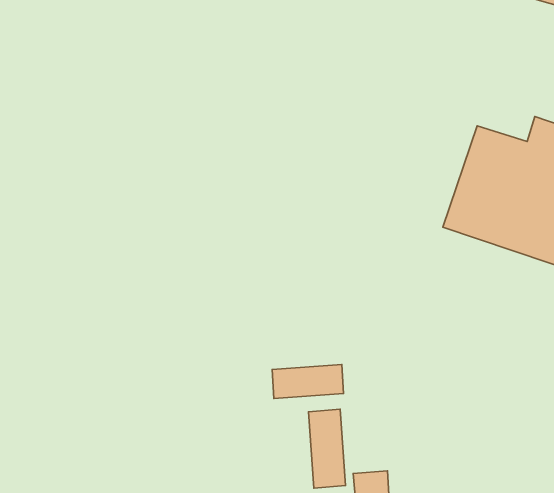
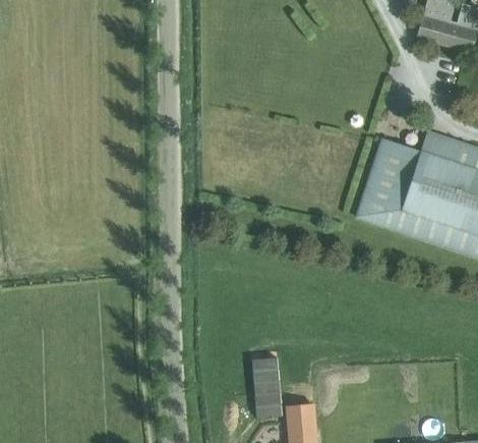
building: [272,365,343,398] -> none

